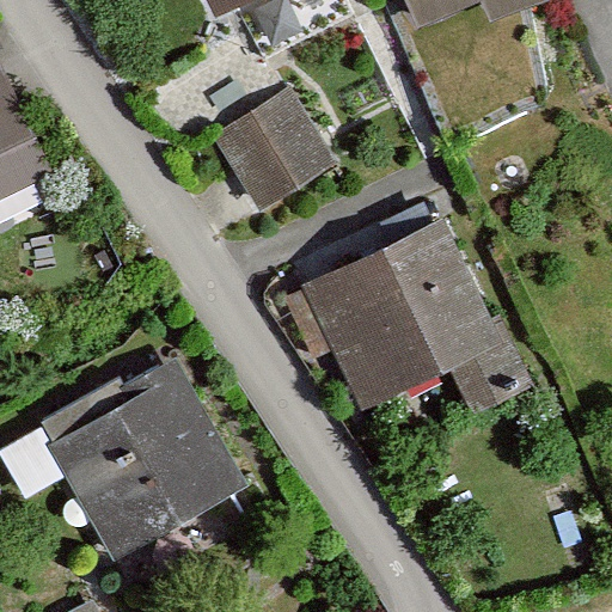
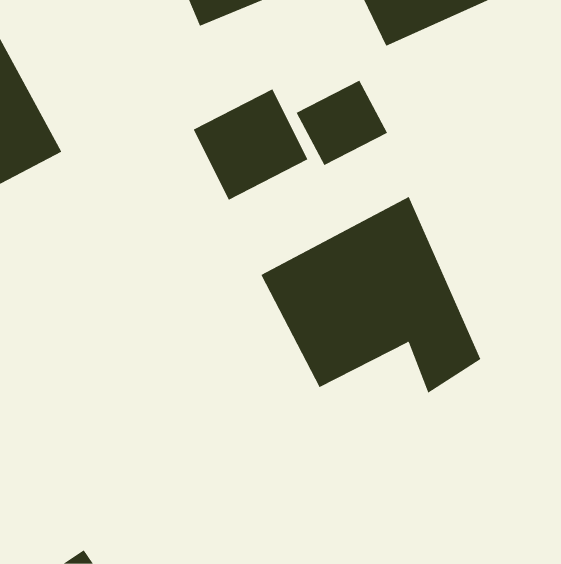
building: none -> [296,80,388,166]
building: [49,351,253,545] -> none

